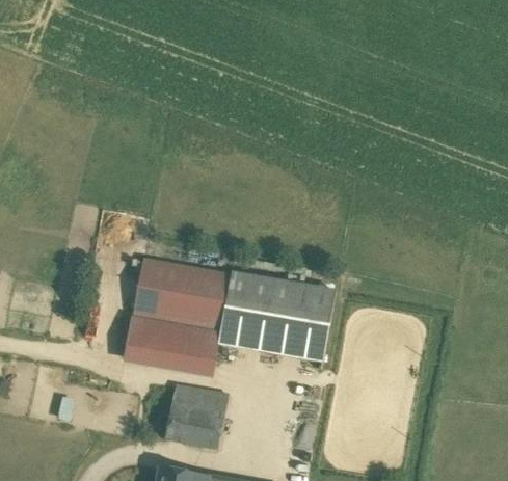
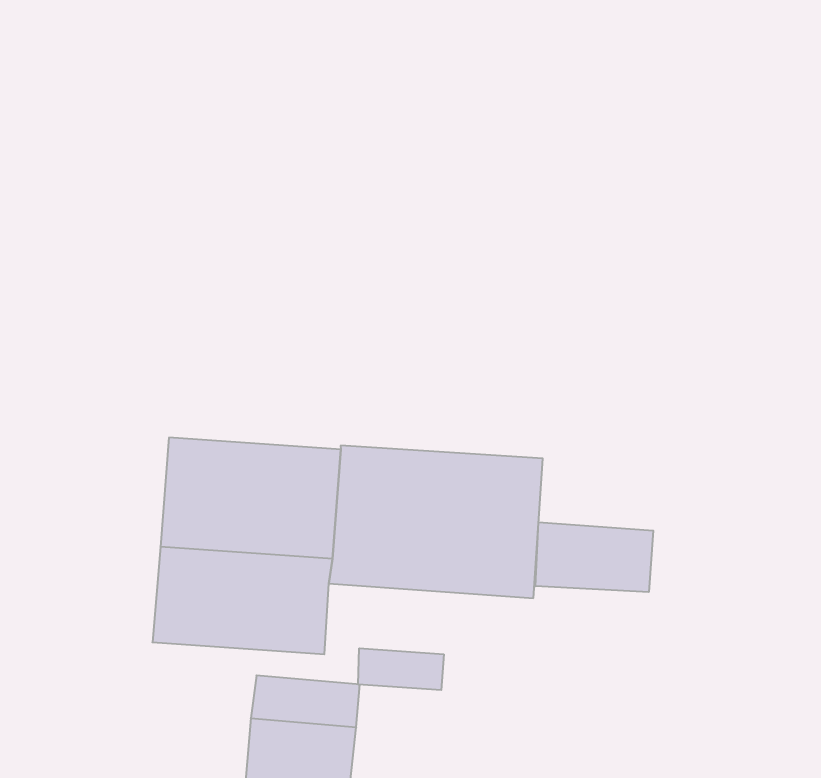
building: none -> [536,522,653,592]
building: none -> [358,648,444,690]

